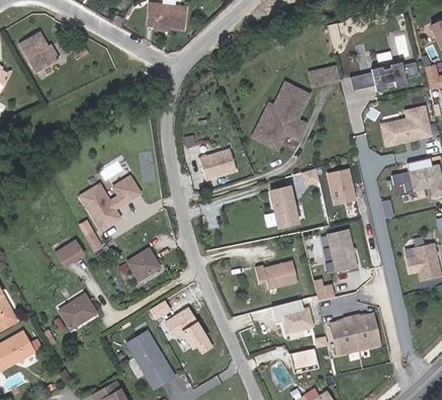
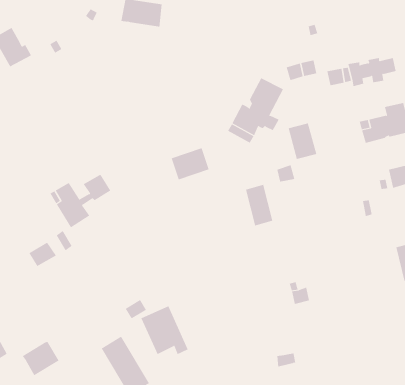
building: [324,167,352,203] -> [288,123,317,159]
building: [324,228,353,270] -> none
building: [127,249,161,282] -> none
building: [253,259,296,290] -> none
building: [61,297,97,330] -> [22,342,60,376]
building: [281,304,315,330] -> none
building: [327,316,377,355] -> none

